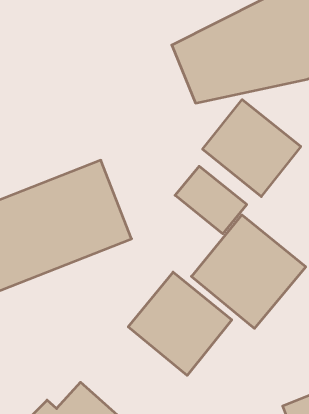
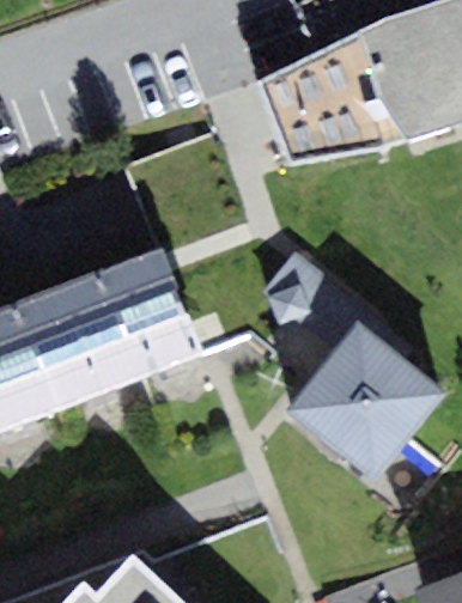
building: [203,100,301,197] -> none
building: [128,272,232,375] -> none

